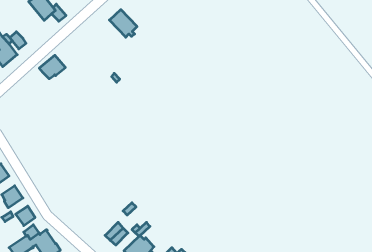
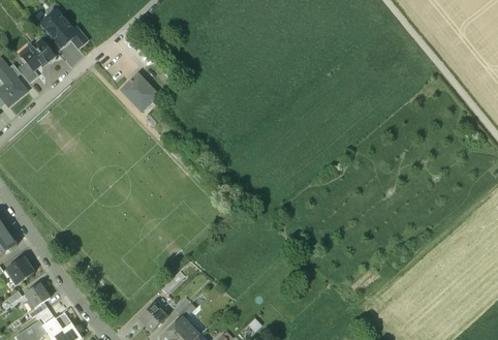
building: [109,10,137,37] -> [122,71,157,106]
building: [39,55,65,79] -> [21,38,54,68]

